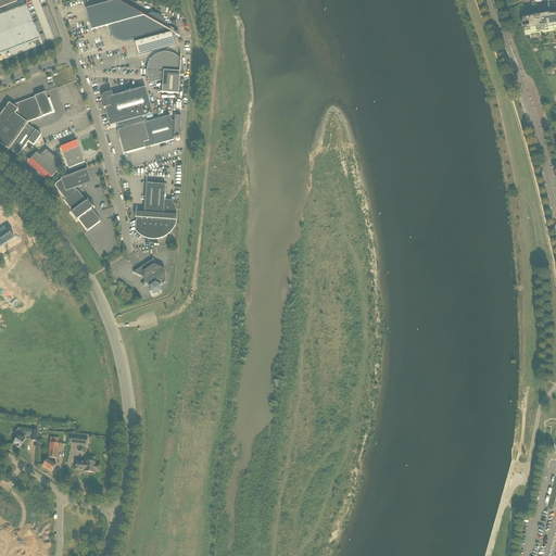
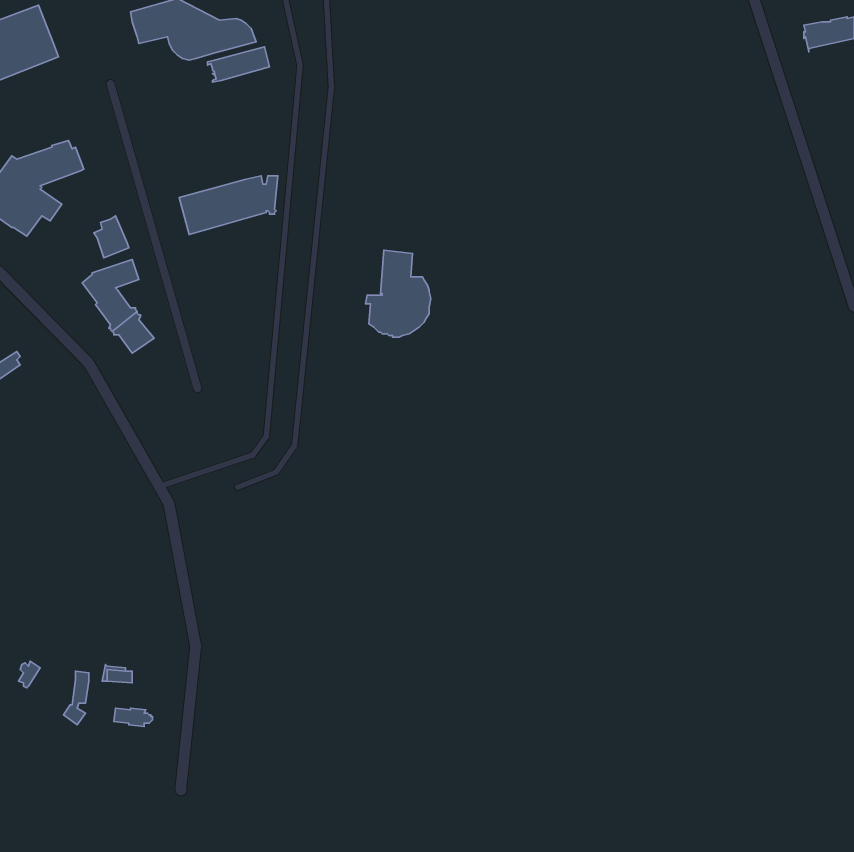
building: [146,51,184,92] -> none
building: [101,86,151,124] -> none
building: [29,149,62,176] -> none
building: [134,181,176,238] -> [366,250,431,337]
building: [132,257,165,293] -> none

